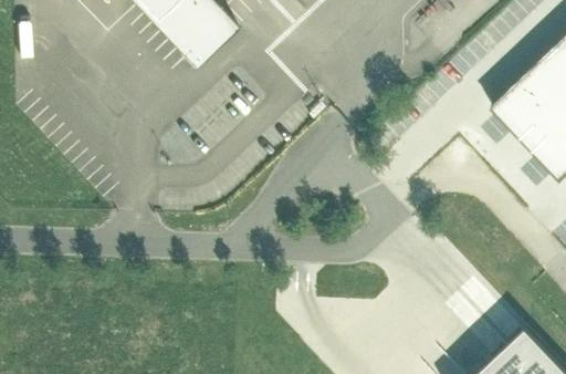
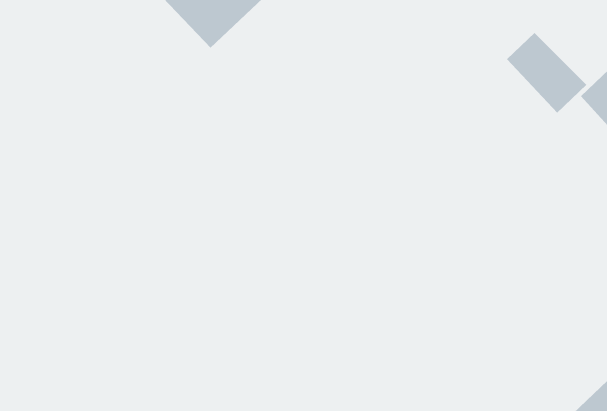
building: none -> [506,32,587,113]

